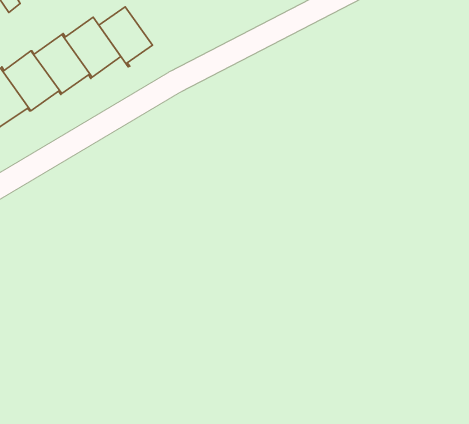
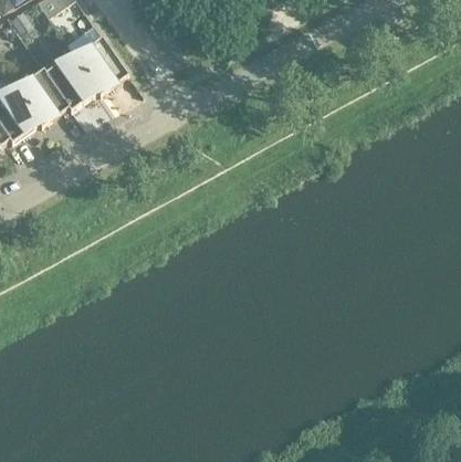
building: [99,7,152,67] -> none

